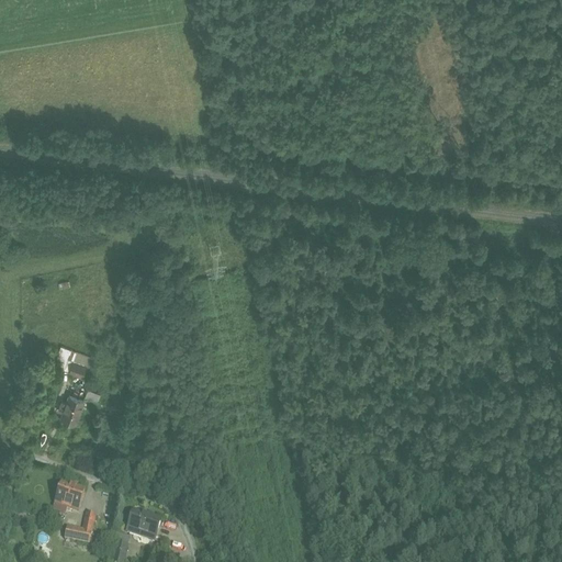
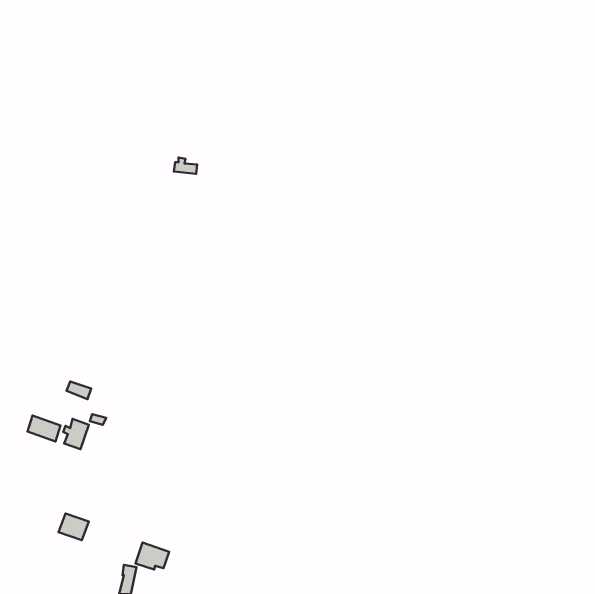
building: none -> [27,416,61,442]
building: [65,510,94,542] -> none

